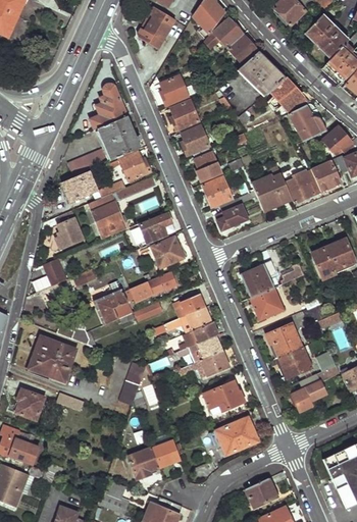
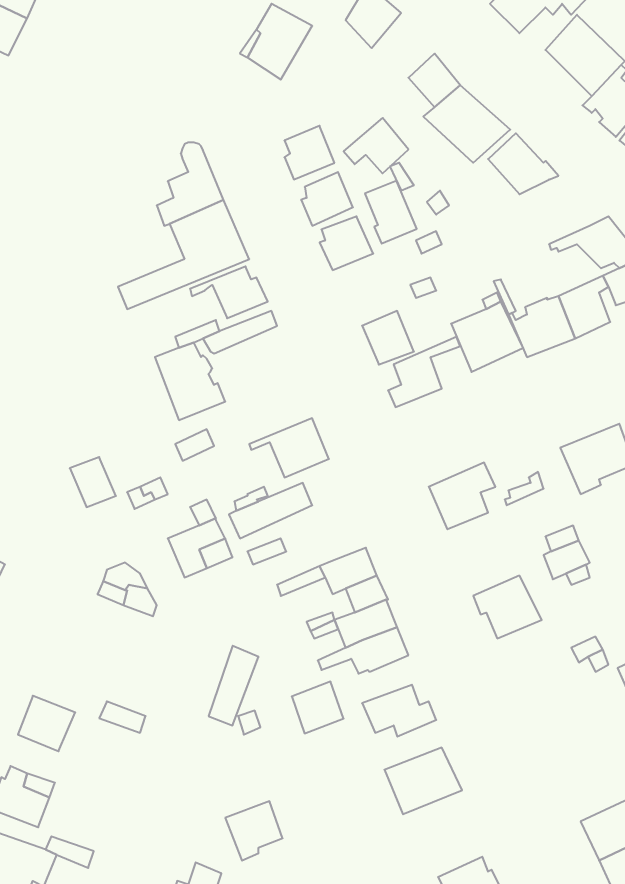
building: [207,17,243,48] -> [344,118,408,173]
building: [289,104,328,141] -> none
building: [193,147,221,181] -> [365,181,417,244]
building: [61,170,97,202] -> none
building: [55,209,84,248] -> none
building: [140,212,176,243] -> none
building: [250,288,283,319] -> none
building: [173,294,205,317] -> none
building: [30,335,76,380] -> none
building: [277,346,311,377] -> none
building: [292,380,326,411] -> none
building: [152,438,181,467] -> [292,682,344,733]

